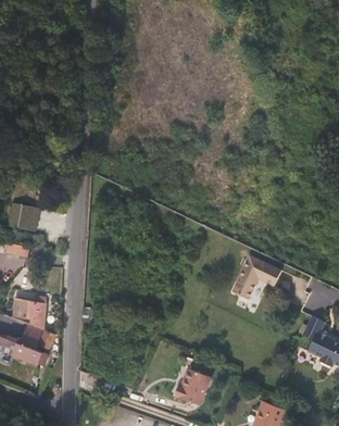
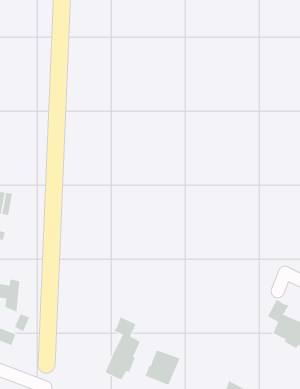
building: [233,256,280,300] -> none
building: none -> [105,317,140,381]

